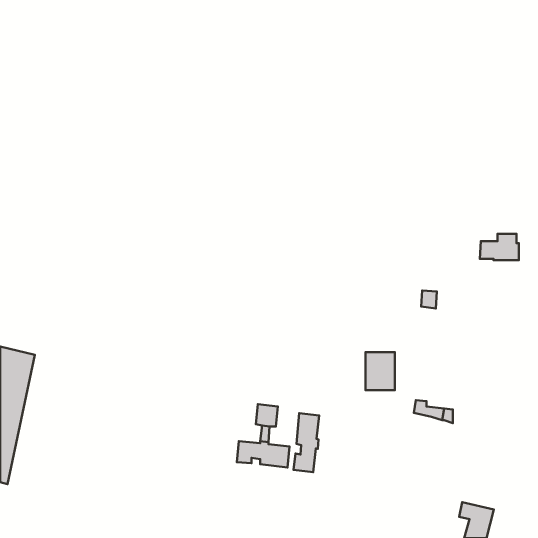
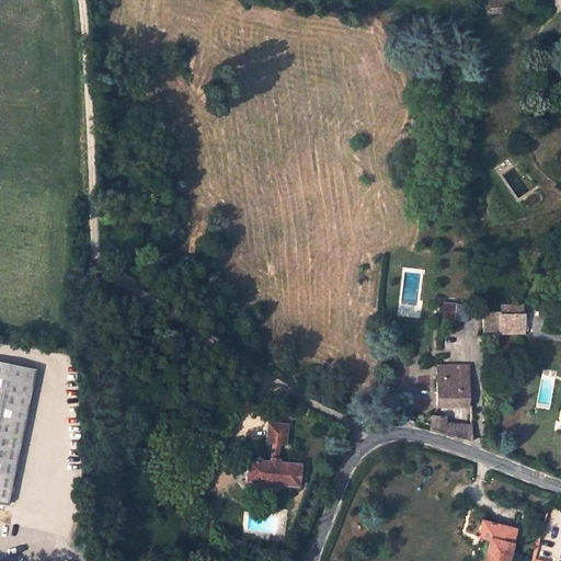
building: [480,234,519,260] -> [483,305,524,332]
building: [365,352,395,390] -> [437,366,468,405]
building: [293,413,319,472] -> none

